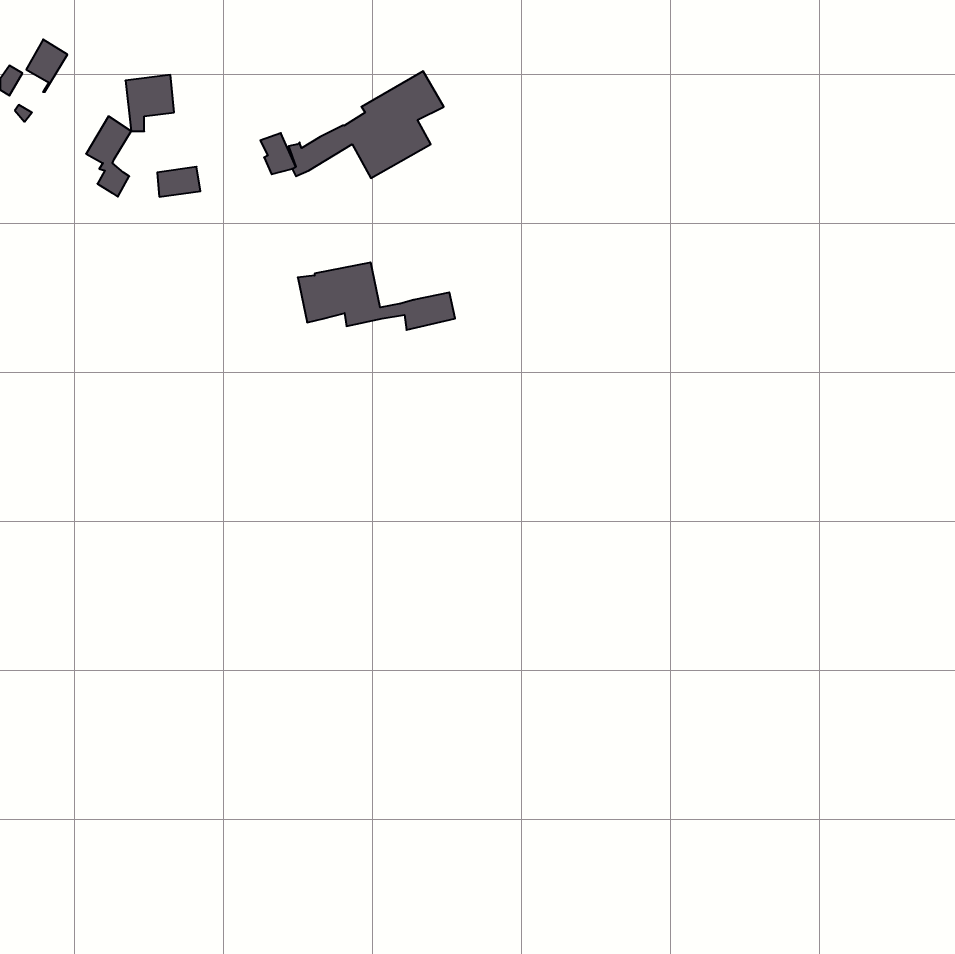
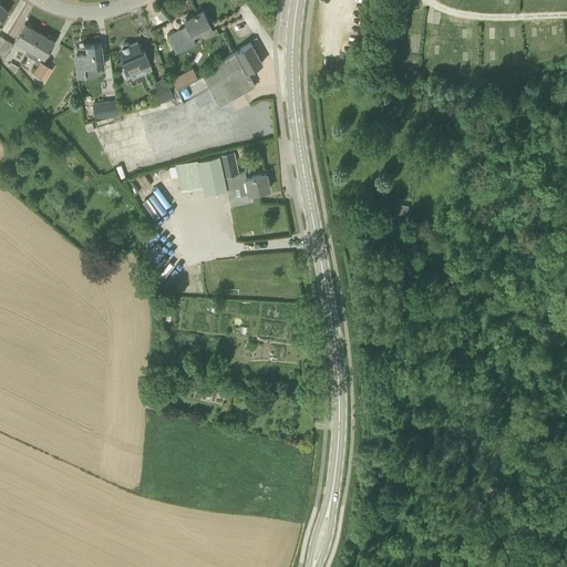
building: none -> [169,13,212,54]
building: none -> [121,43,153,76]
building: [86,116,131,197] -> [28,34,54,82]

